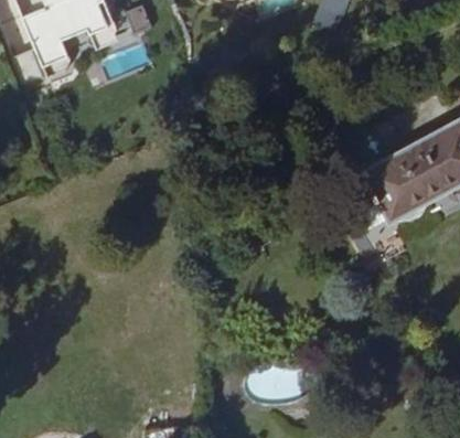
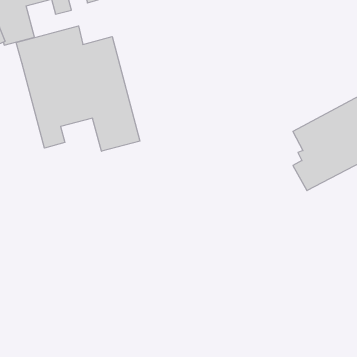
building: none -> [16,26,140,151]

